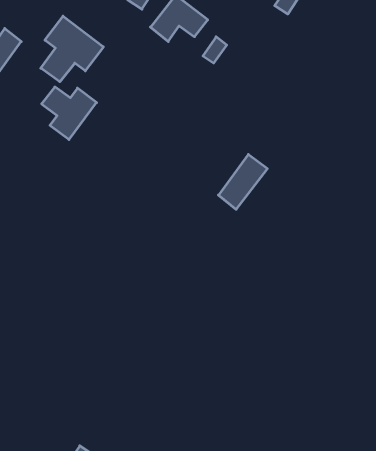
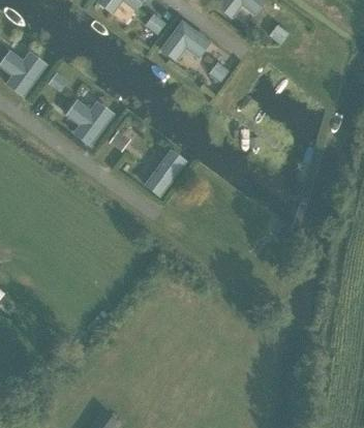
building: [41,16,103,82] -> none
building: [218,154,267,209] -> [144,150,186,197]

